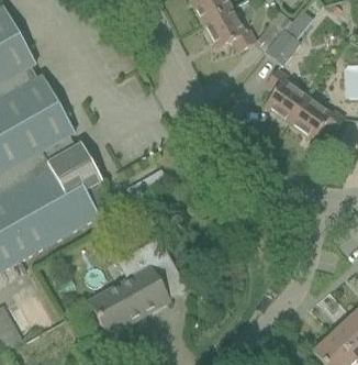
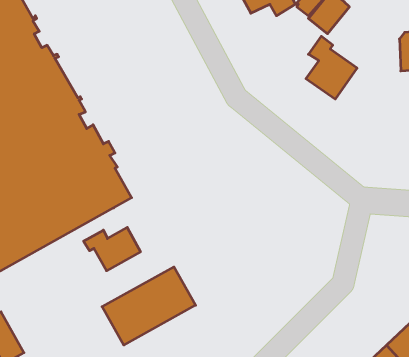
building: [289,96,344,140] -> none
building: none -> [84,227,140,271]

